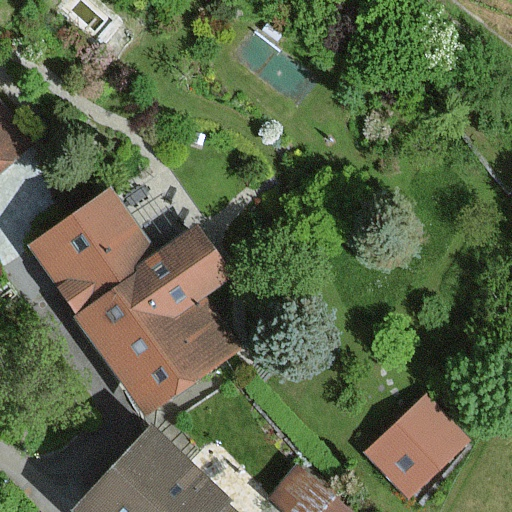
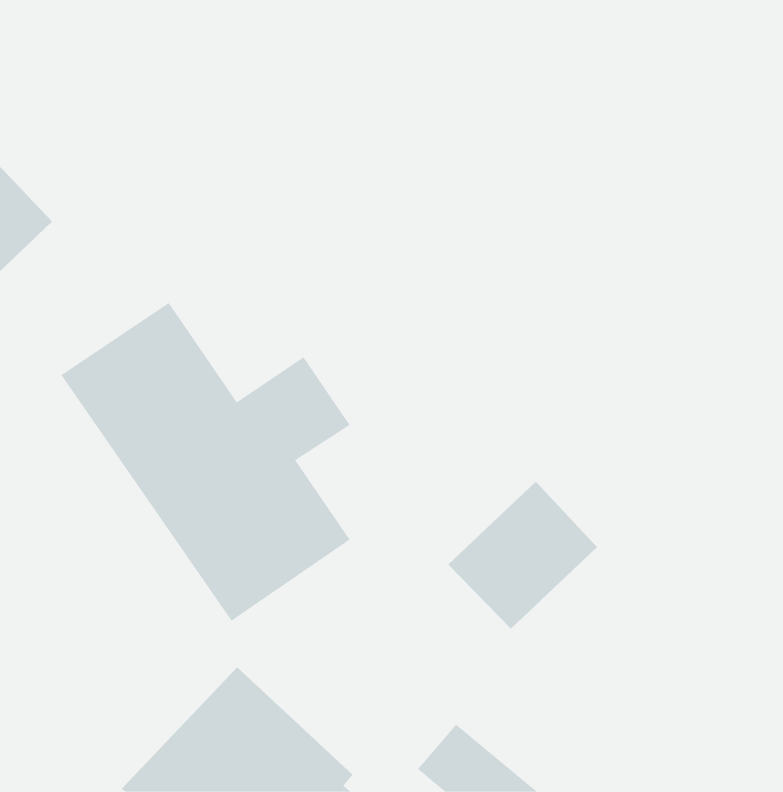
building: [366,396,463,492] -> [447,481,598,629]

